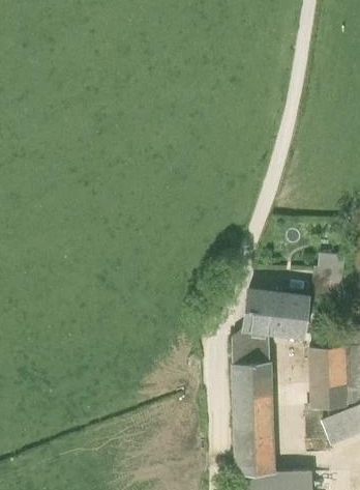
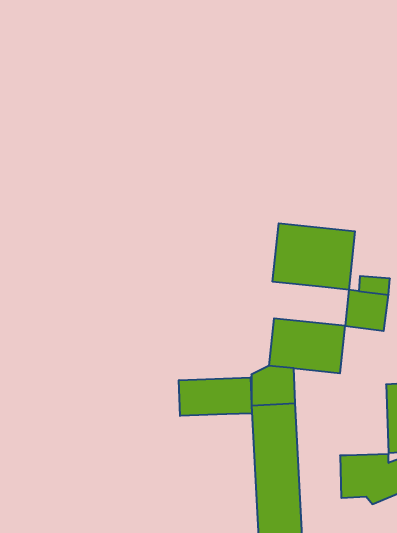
building: none -> [273,223,355,290]
building: none -> [179,377,252,416]
building: [308,344,346,403] -> none

